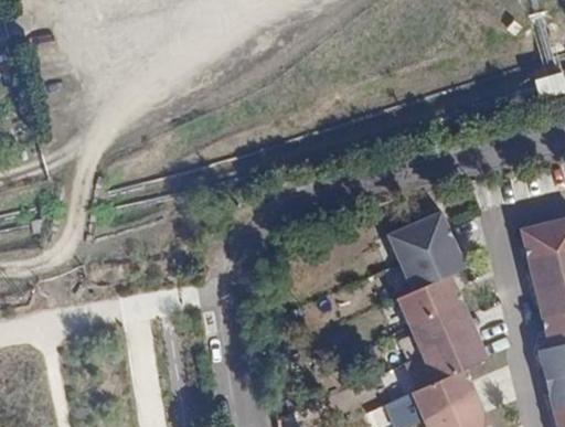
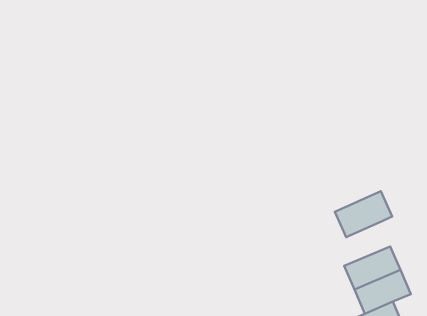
building: [387,212,454,264] -> none
building: [398,276,465,328] -> none

